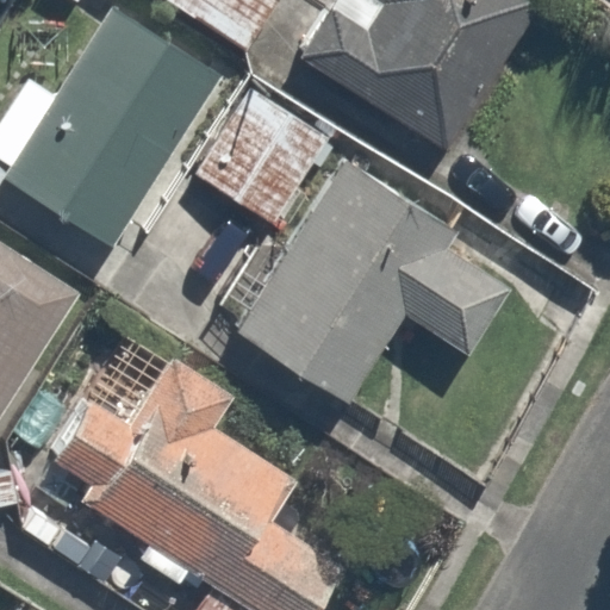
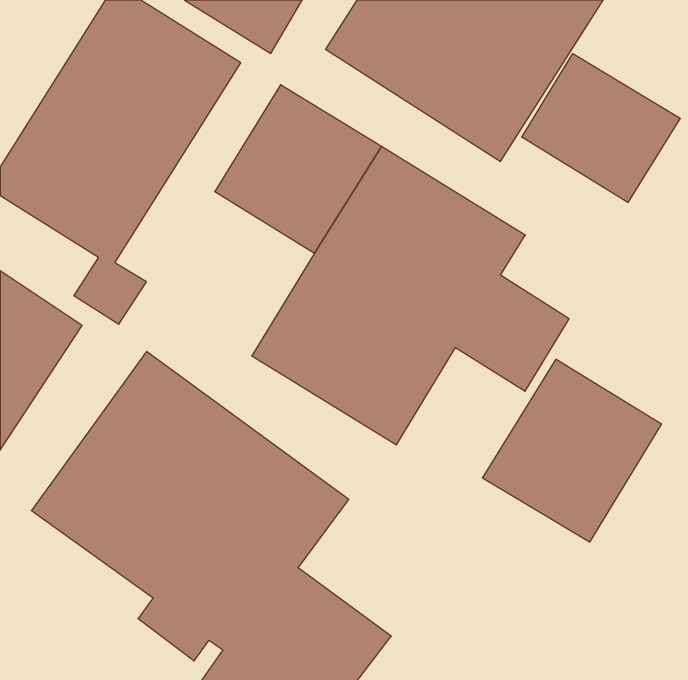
building: none -> [522,54,680,202]
building: none -> [483,359,662,542]

